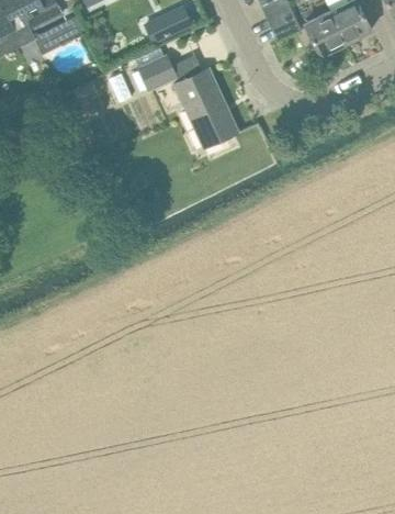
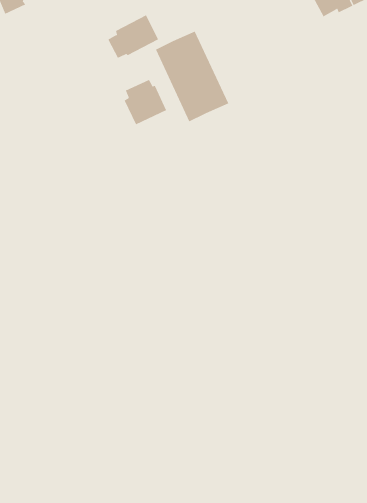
building: none -> [124,79,167,125]

